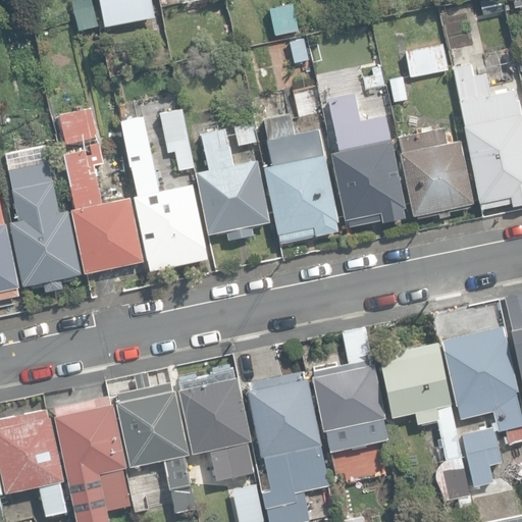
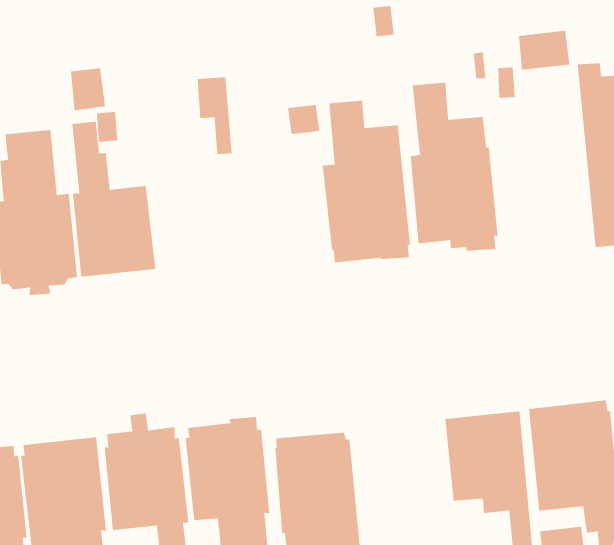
building: [118,115,208,268] -> none
building: [400,128,473,219] -> none
building: [195,129,270,241] -> none
building: [313,328,387,452] -> none

